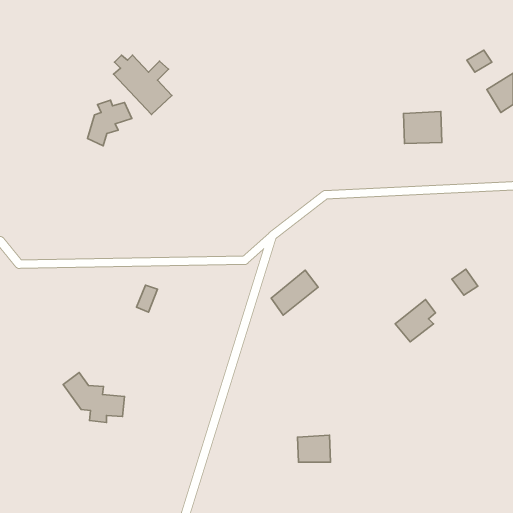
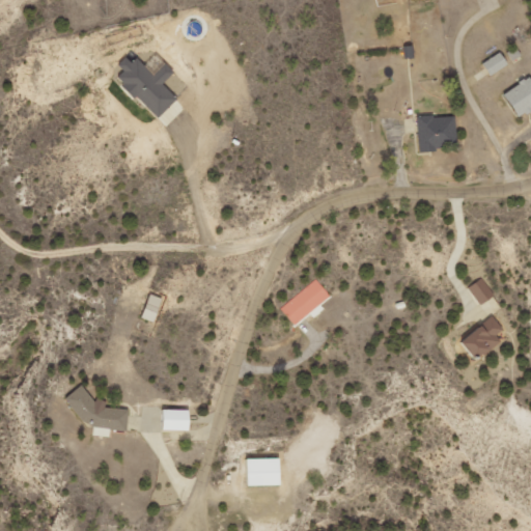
building: [87,100,132,146] -> none
building: [395,300,435,342] -> [462,316,503,360]
building: none -> [163,409,190,430]
building: [297,435,331,462] -> [247,457,281,485]

